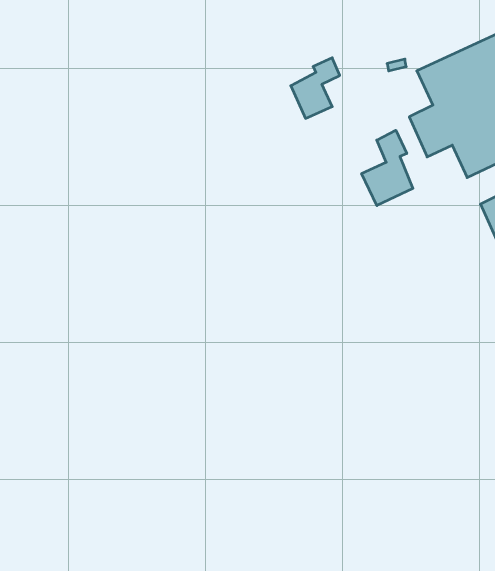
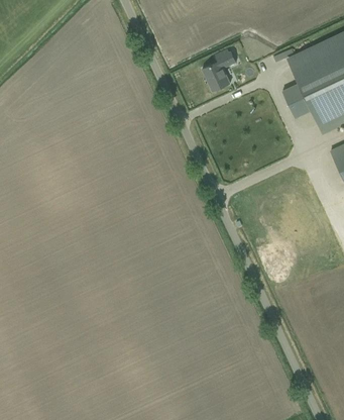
building: [362,130,413,206] -> none

